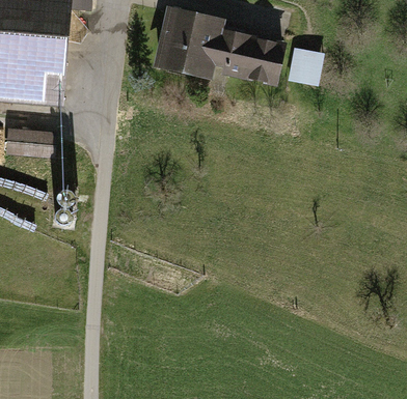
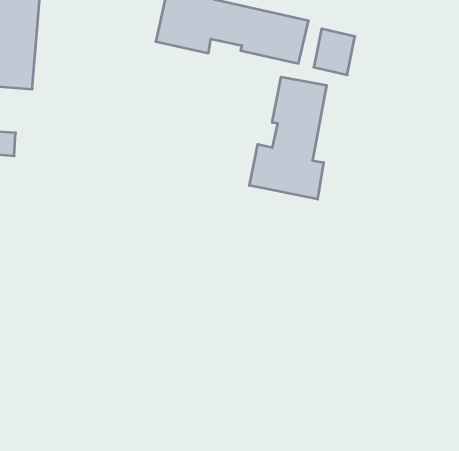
building: none -> [249,77,327,199]

